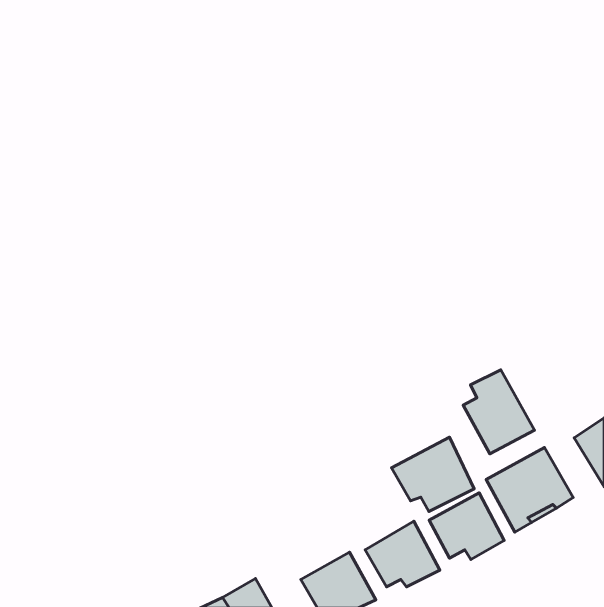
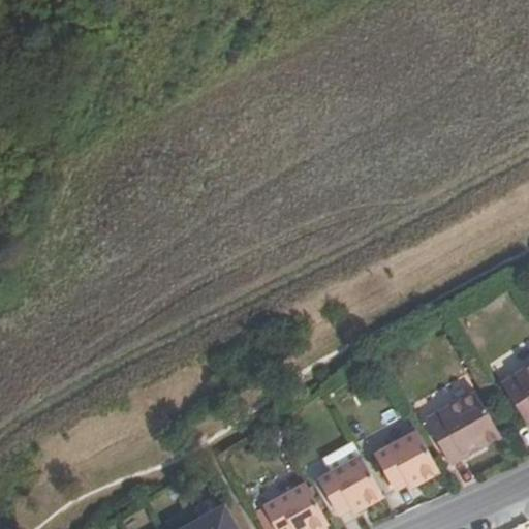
building: [463,370,534,454] -> none
building: [392,437,474,511] -> none

